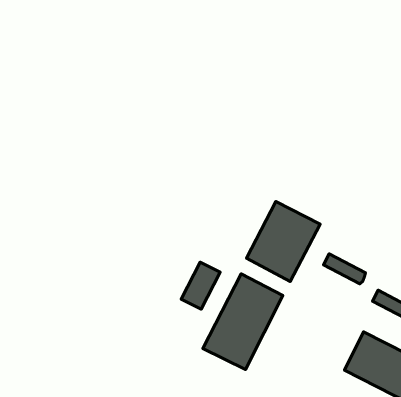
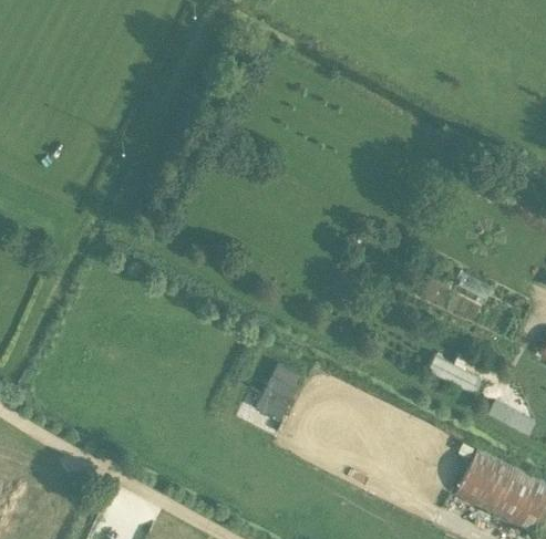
building: [247,202,320,281] -> none
building: [203,274,283,369] -> none

